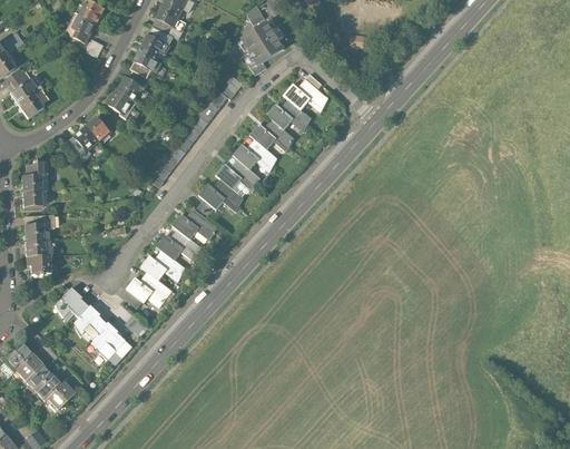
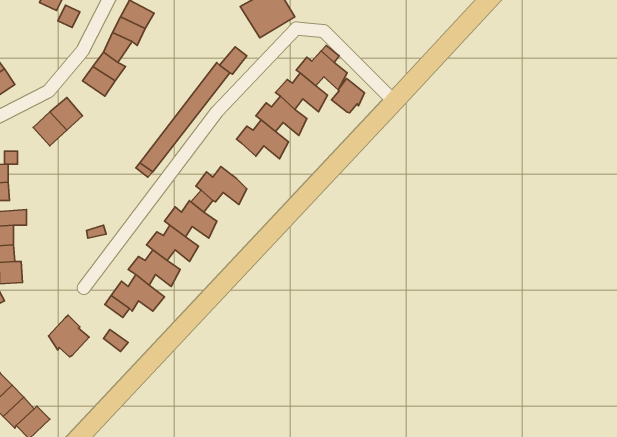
building: none -> [332,79,364,113]
building: [219,156,263,189] -> none
building: [57,286,90,324] -> none
building: [96,321,135,364] -> none

